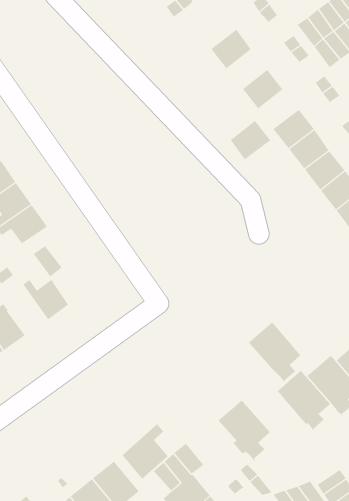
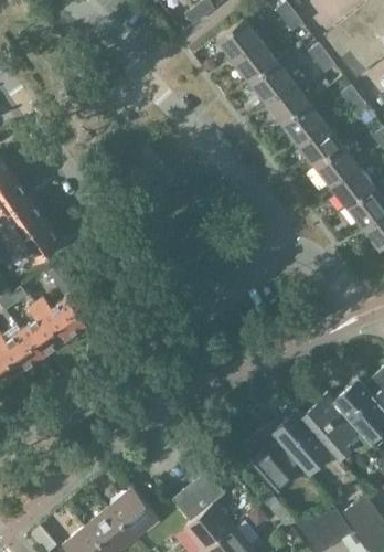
building: none -> [216,18,260,60]
building: none -> [249,60,292,102]
building: [230,120,271,160] -> [282,102,326,144]
building: none -> [21,306,63,359]
building: [248,321,301,384] -> [271,411,327,476]
building: [122,424,168,479] -> none

